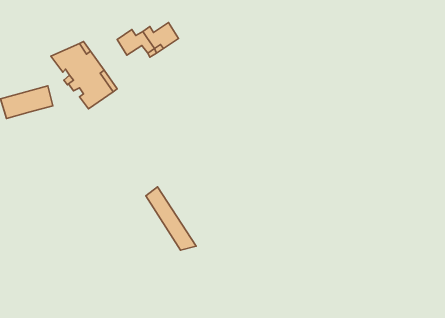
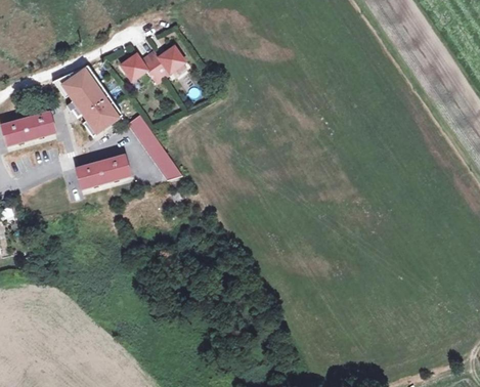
building: none -> [76,156,130,189]
building: [146,187,196,250] -> [127,114,179,179]

